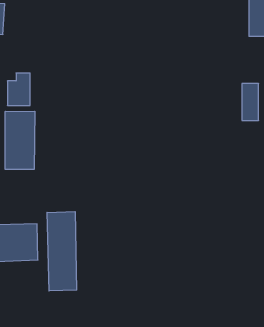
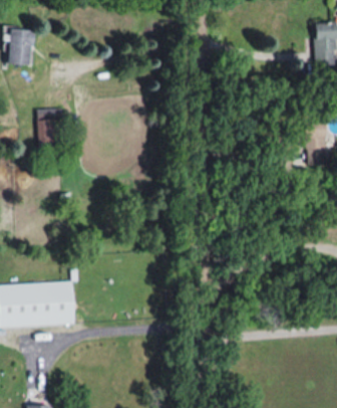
building: [5,111,35,169] -> none
building: [47,212,77,291] -> none

